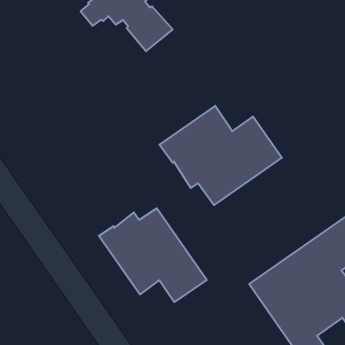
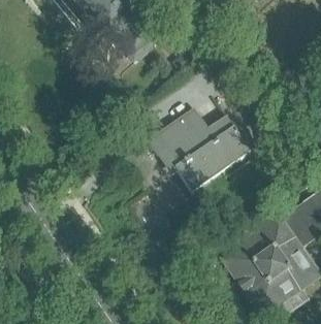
building: [99,208,207,302] -> none

